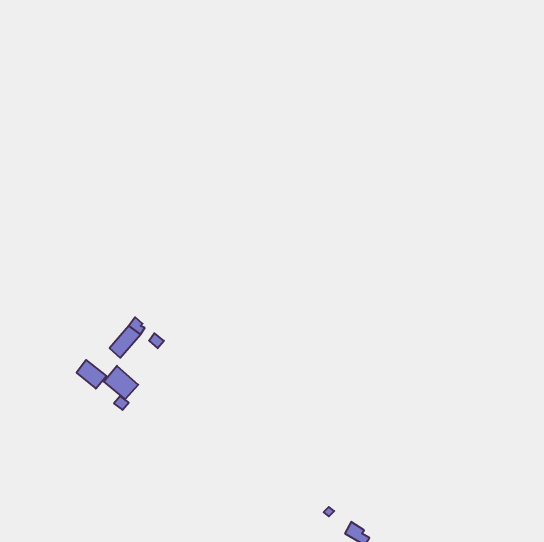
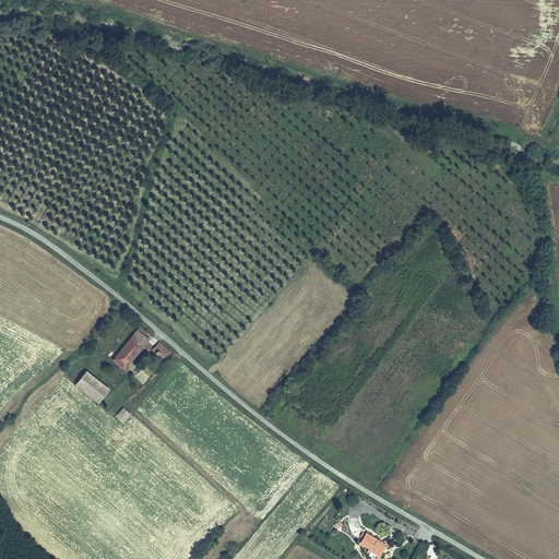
building: [104,366,138,399] -> none

